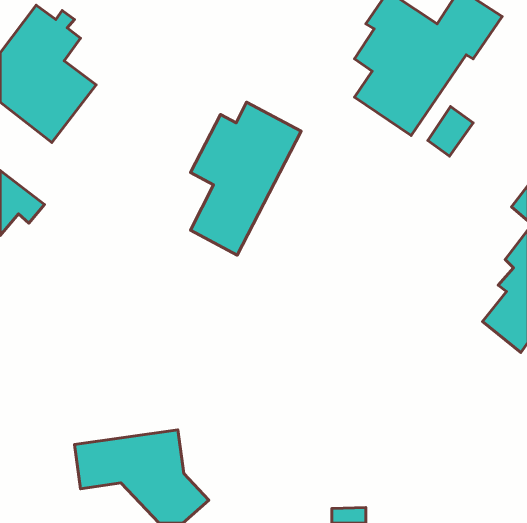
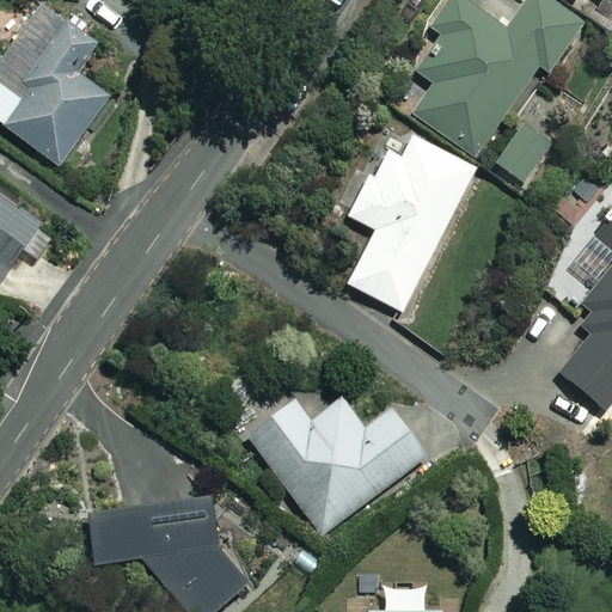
building: [191,102,301,255] -> [349,134,477,311]
building: none -> [247,396,427,532]

